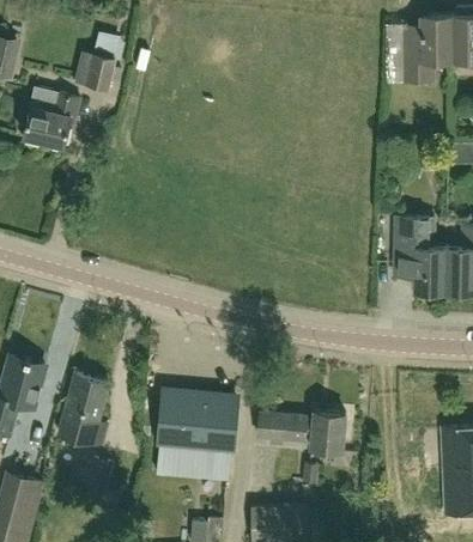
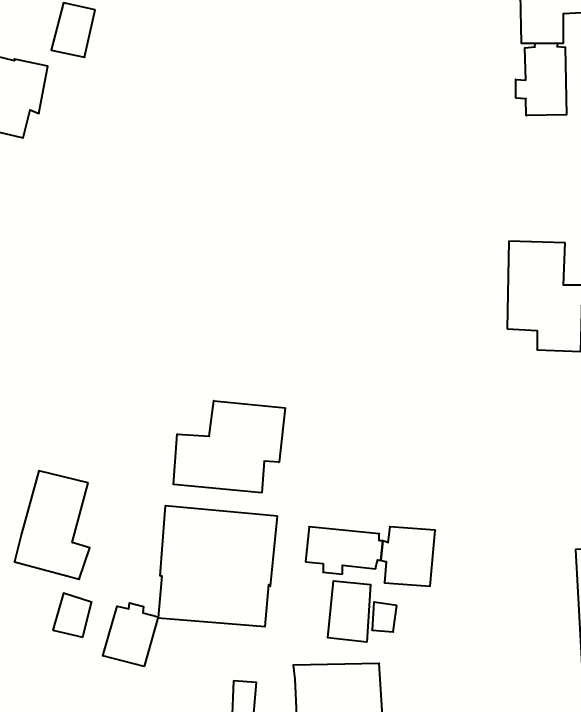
building: none -> [516,43,567,116]
building: none -> [173,401,285,493]
building: none -> [328,581,371,642]
building: none -> [103,603,158,666]

